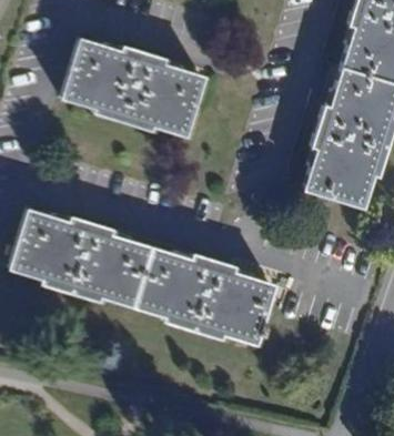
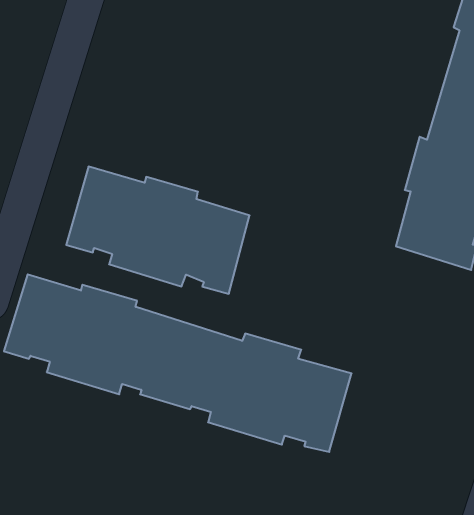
building: [65,41,203,136] -> [66,167,250,294]

